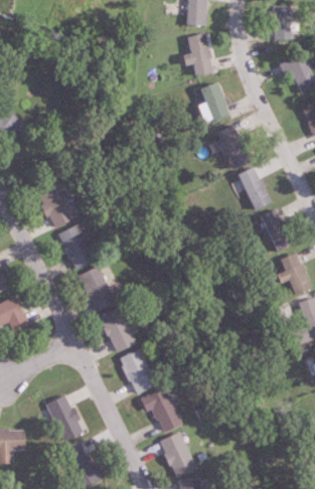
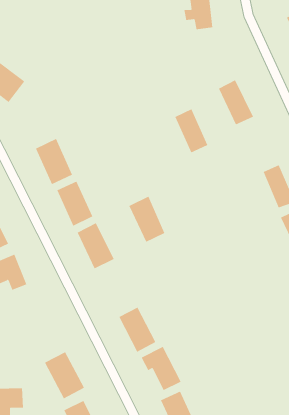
building: [200,82,230,121] -> none
building: [239,166,272,210] -> [175,109,208,153]
building: [99,307,135,353] -> [129,196,165,242]

